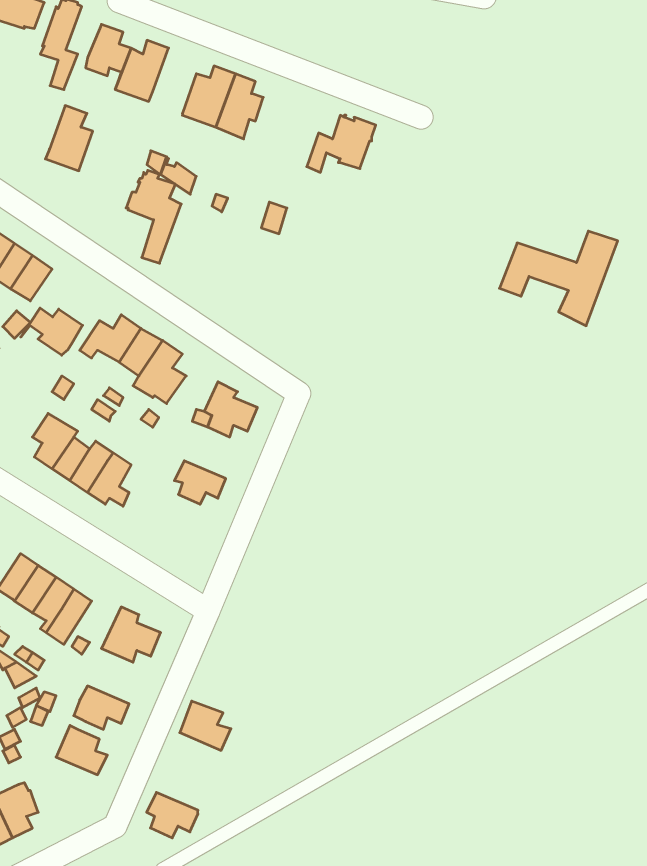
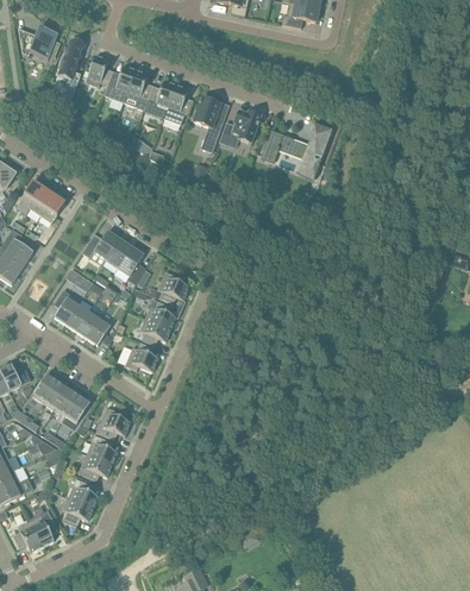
building: [45,106,93,171] -> [124,69,152,108]
building: [126,170,181,263] -> [192,95,225,151]
building: [499,231,618,326] -> [261,122,332,180]
building: [21,308,83,355] -> none
building: none -> [145,297,176,328]
building: none -> [125,341,158,371]
building: [180,701,231,750] -> [87,434,118,464]
building: [147,792,198,838] -> [62,496,93,523]

